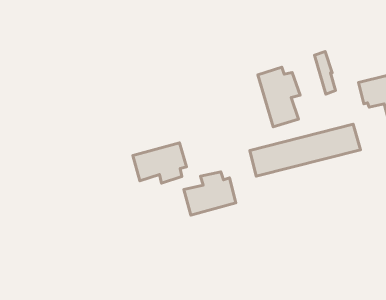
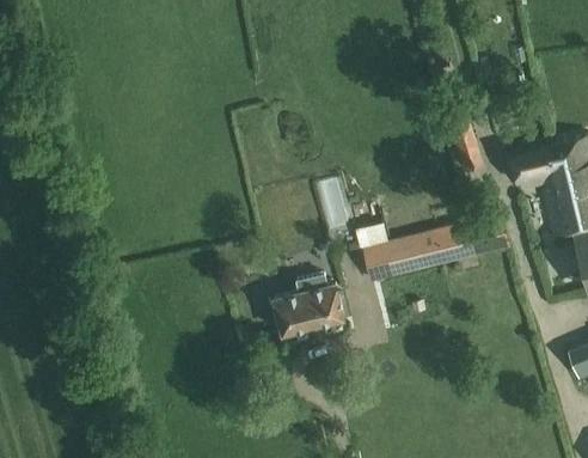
building: [258,67,300,127] -> none
building: [133,143,187,183] -> none

